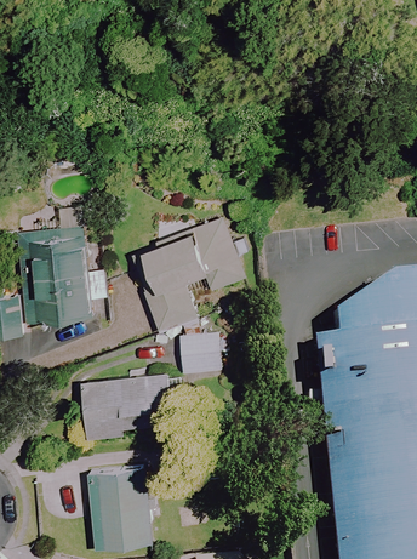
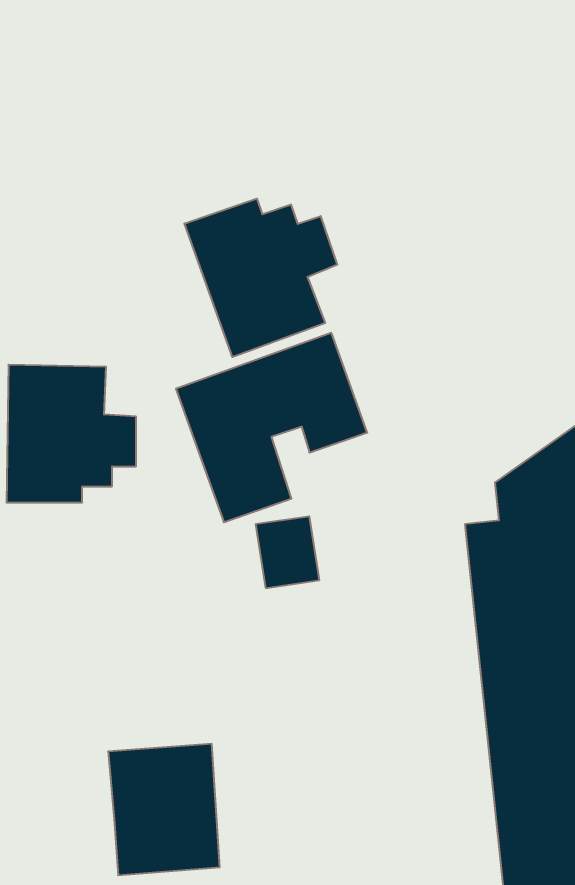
building: none -> [184,199,337,357]
building: [87,375,170,433] -> none

